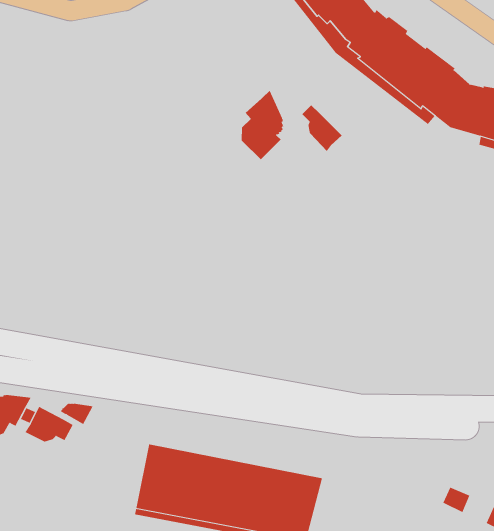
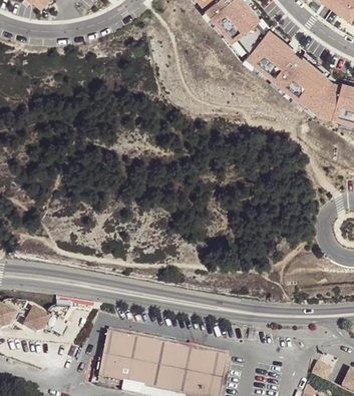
building: [241,90,284,160] -> none
building: [302,104,342,152] -> none

